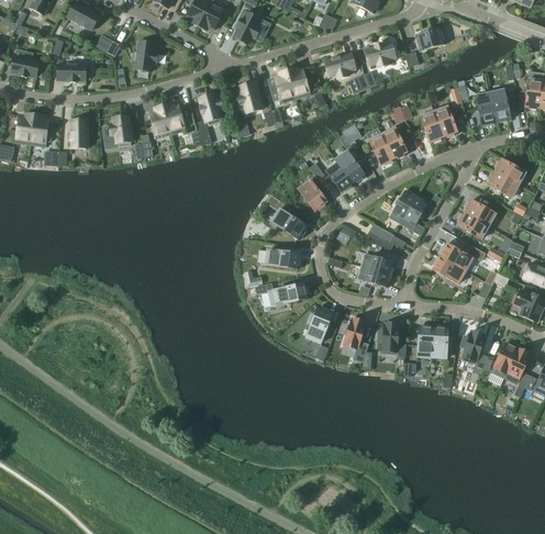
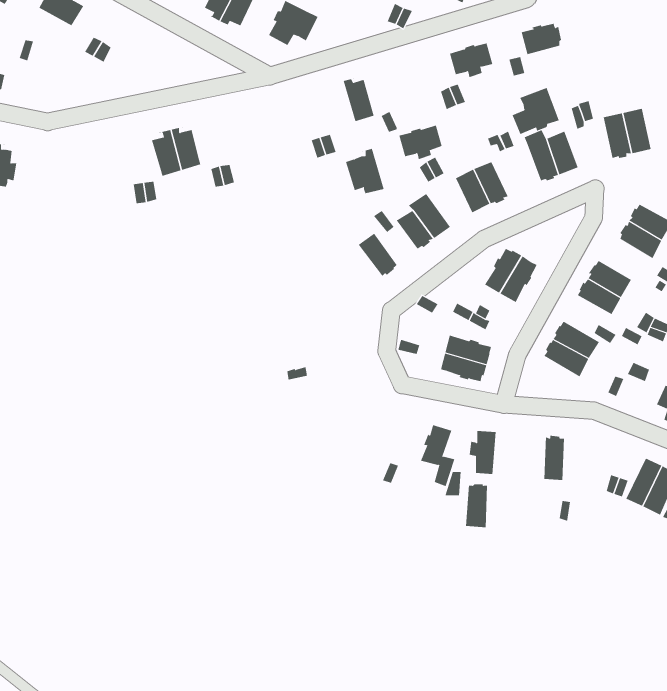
building: [134,41,157,71] -> none
building: [323,53,355,78] -> [398,125,443,160]
building: [57,64,90,82] -> none
building: [267,69,296,102] -> [345,148,385,194]
building: none -> [512,87,559,135]
building: [236,81,262,113] -> none
building: [198,92,223,125] -> none
building: [102,115,132,146] -> none
building: [69,120,87,148] -> none
building: [271,200,307,238] -> none
building: [265,249,300,268] -> none
building: [268,282,308,305] -> none
building: [305,307,332,343] -> none
building: [416,325,433,357] -> [465,484,488,528]
building: [460,330,485,363] -> none

